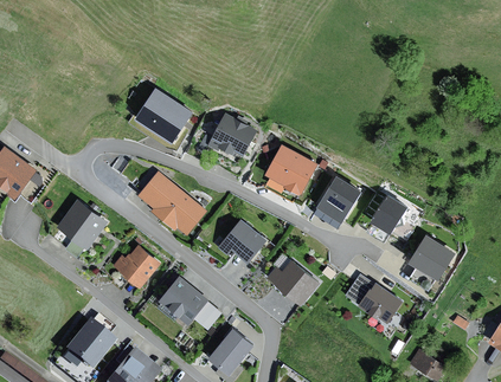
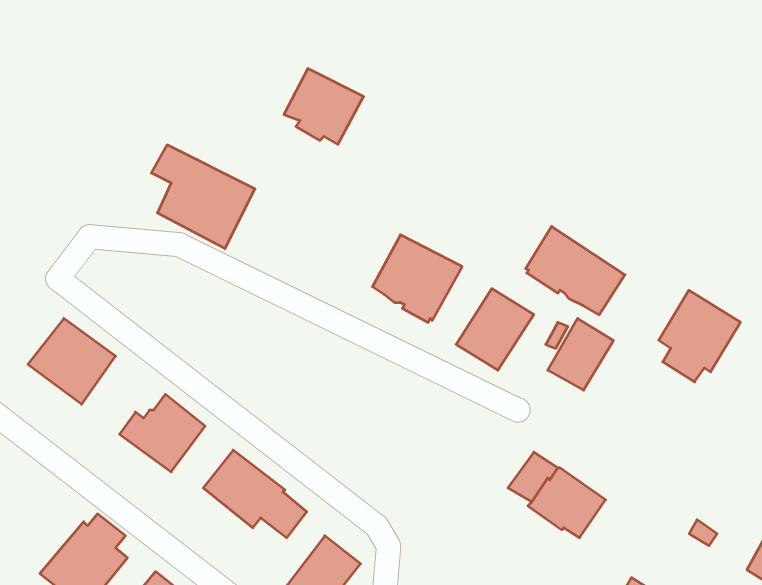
building: [210,114,257,158] -> [284,69,364,144]
building: none -> [526,226,625,315]
building: [136,171,207,238] -> none
building: [217,221,265,265] -> none
building: [406,235,455,290] -> [659,290,740,382]
building: [266,260,319,305] -> none

